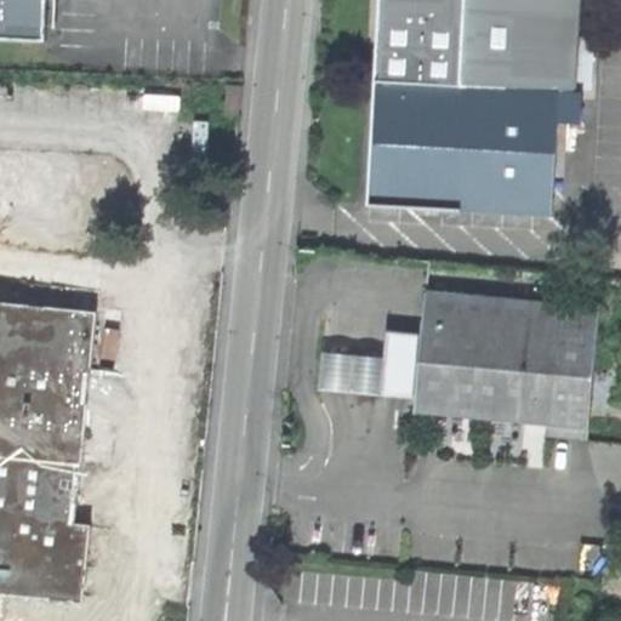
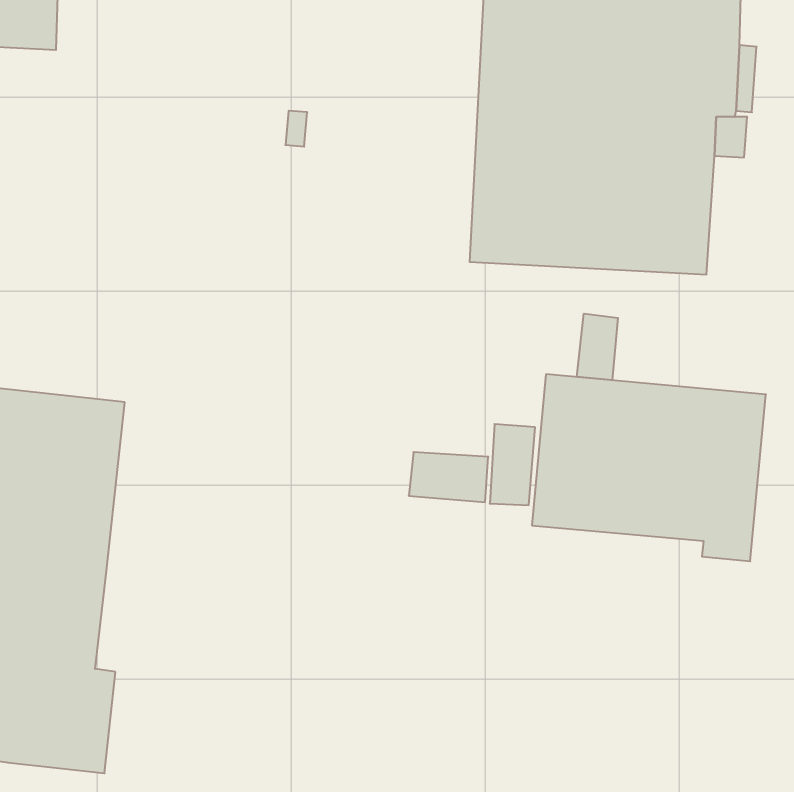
building: none -> [577,314,618,380]

